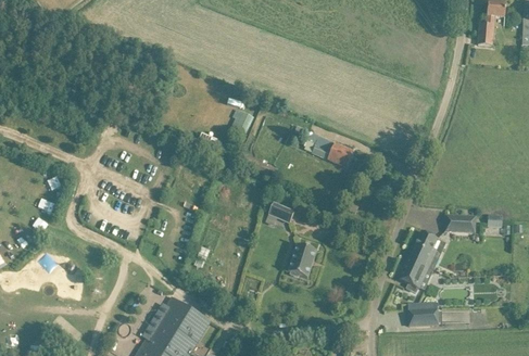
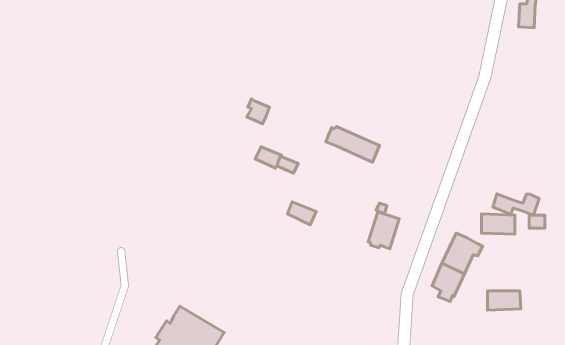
building: none -> [493,194,539,215]
building: [287,242,315,276] -> [368,212,399,249]
building: [406,306,437,323] -> [487,291,521,310]

